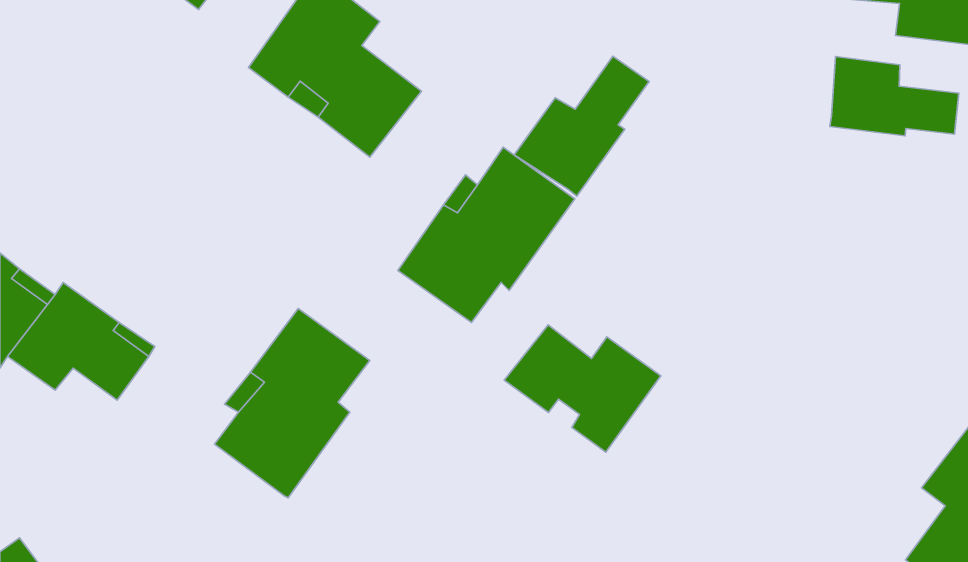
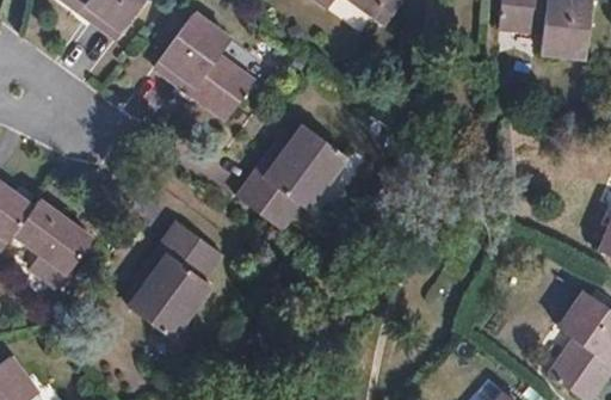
building: [514,56,649,196] -> none
building: [830,57,959,136] -> none
building: [504,325,661,452] -> none

